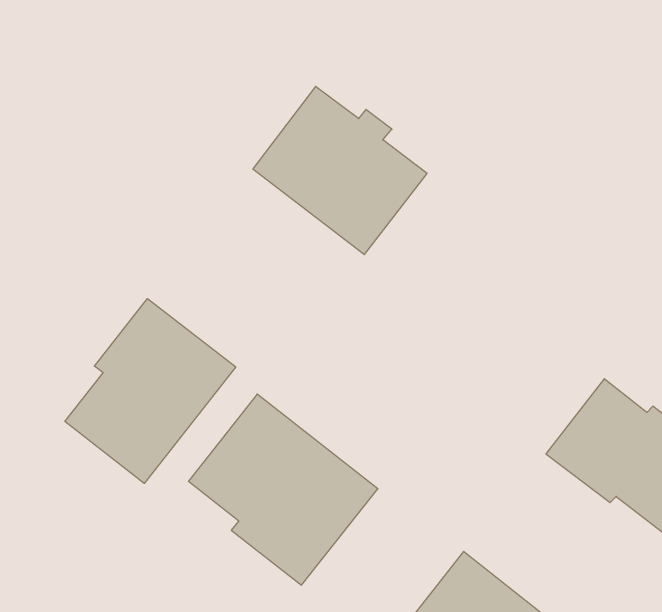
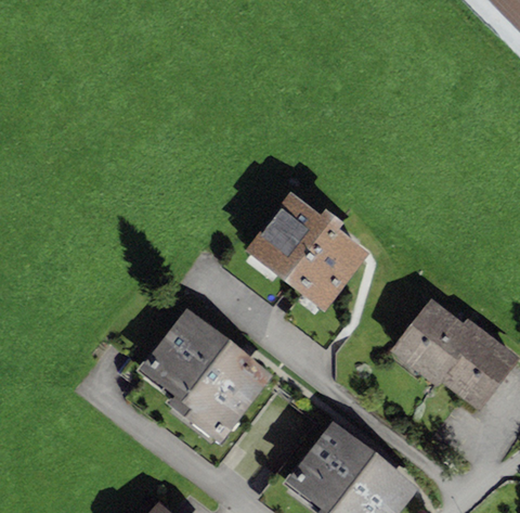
building: [253,86,427,255] -> [246,192,369,311]
building: [65,299,236,483] -> none

